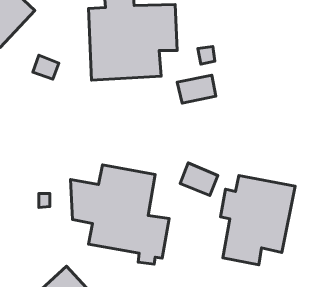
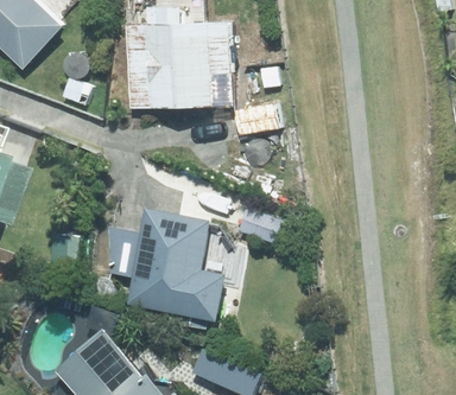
building: [220,175,295,265] -> none

